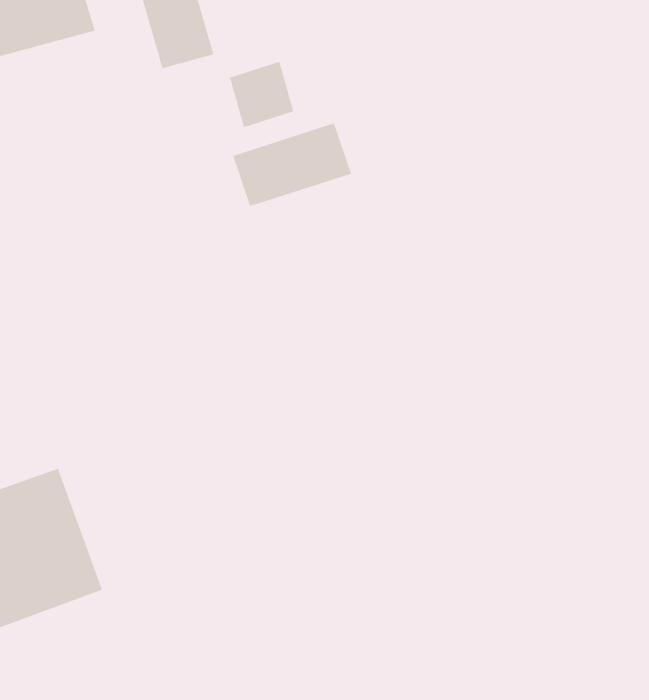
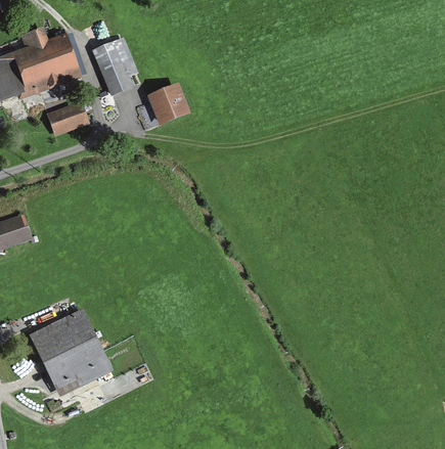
building: none -> [48,108,80,133]
building: [232,123,352,207] -> none

